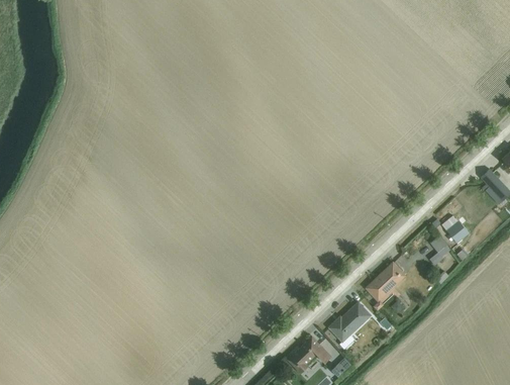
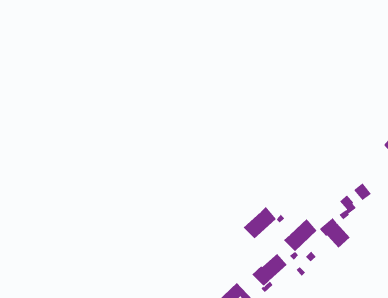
building: none -> [243,206,285,239]
building: none -> [319,217,351,248]

